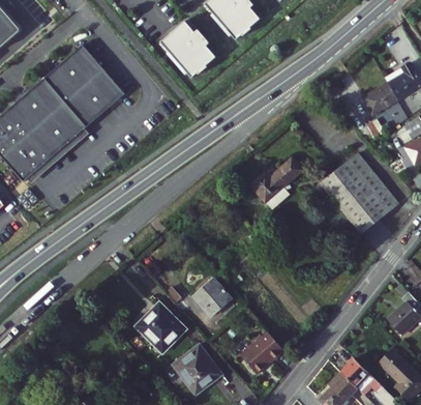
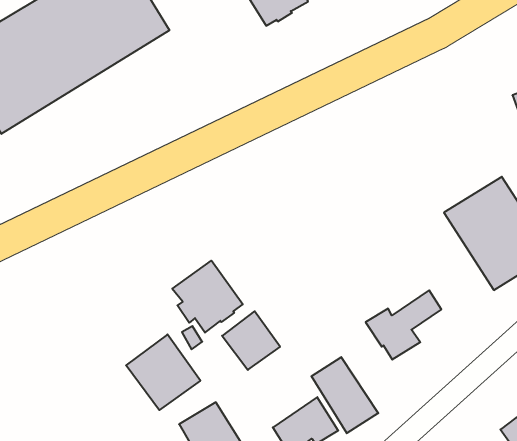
building: [251,152,300,202] -> [366,290,441,360]
building: none -> [172,261,243,333]
building: none -> [311,357,378,433]

